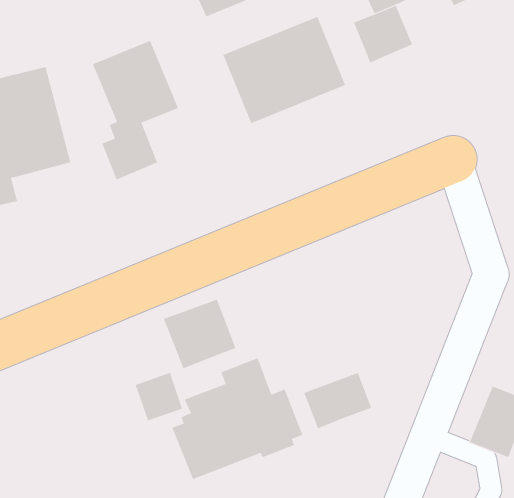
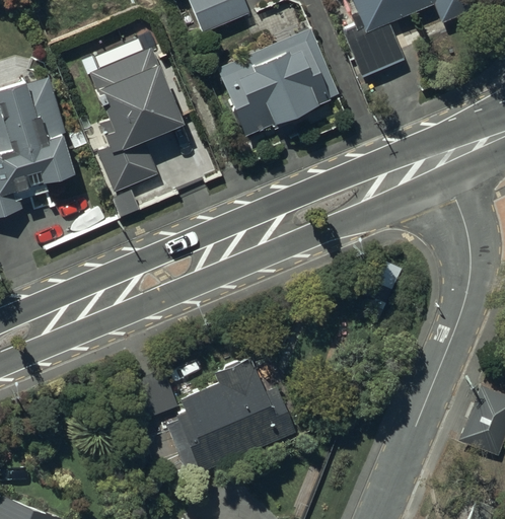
building: [163,299,236,369] -> none
building: [303,372,372,429] -> none

